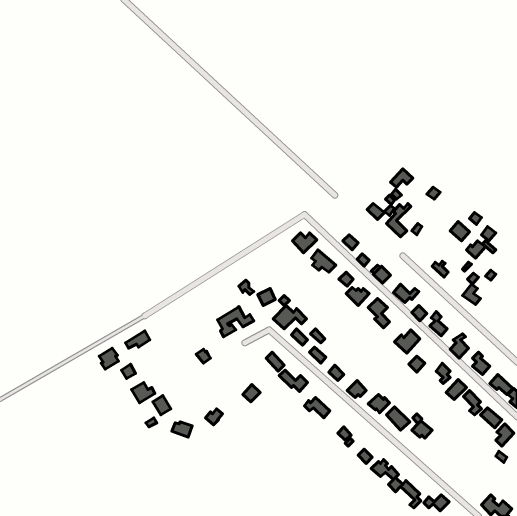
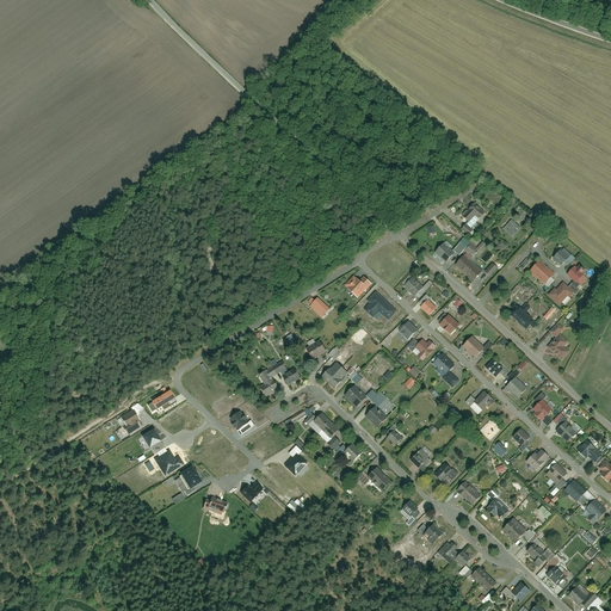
building: none -> [504,518,566,585]

